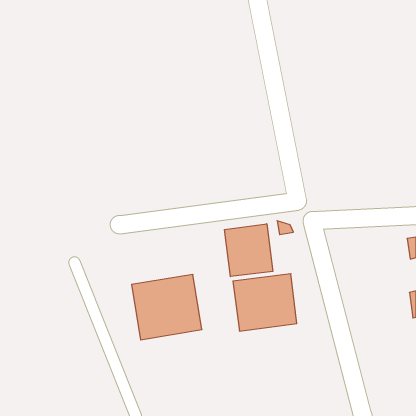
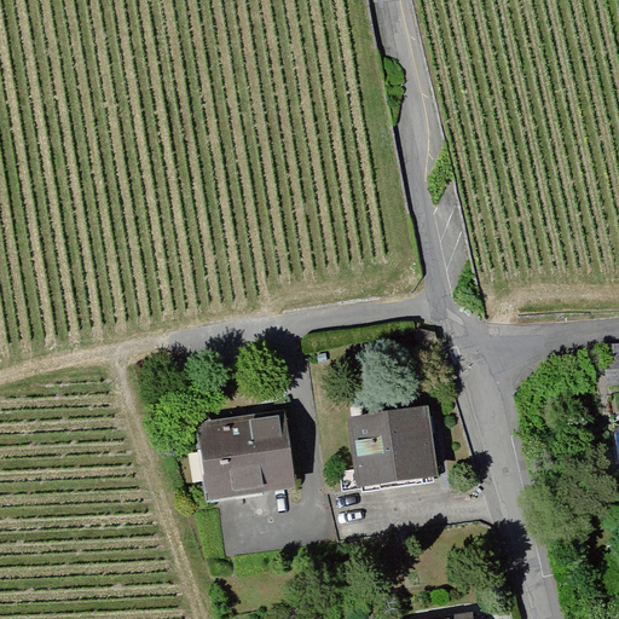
building: [225,224,273,277] -> none

